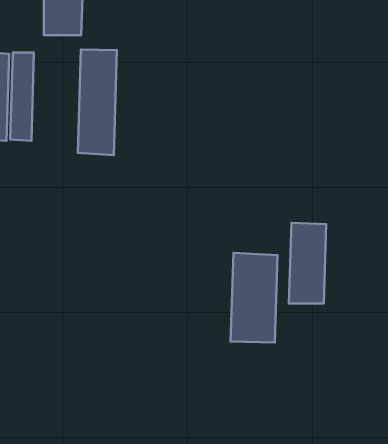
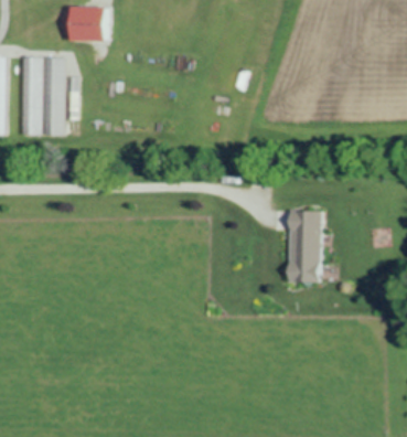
building: [78,49,117,155] -> none
building: [231,253,277,343] -> none

